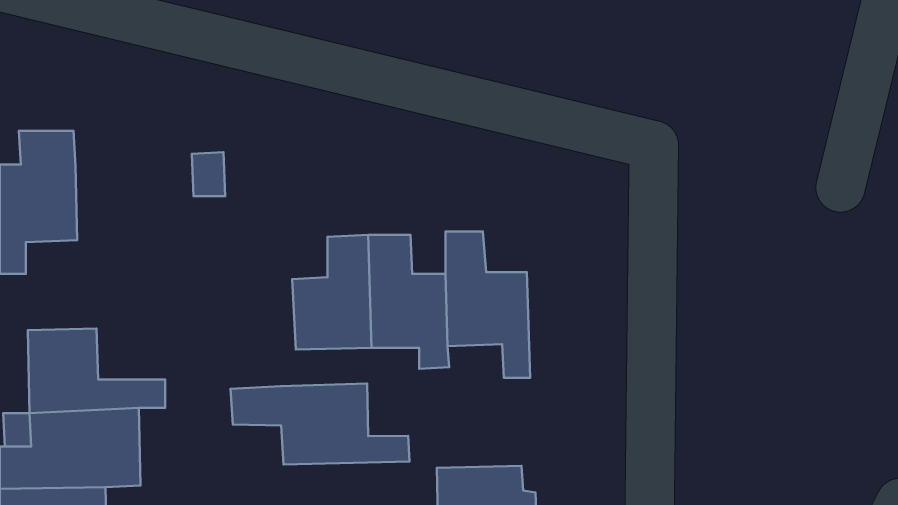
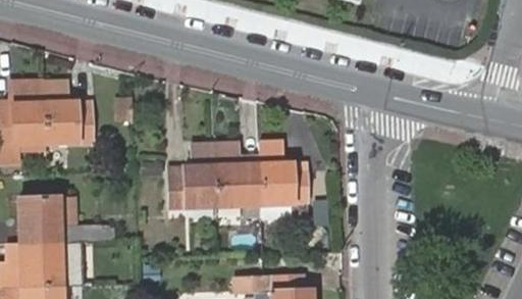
building: none -> [44,80,92,144]
building: [231,384,410,464] -> none

